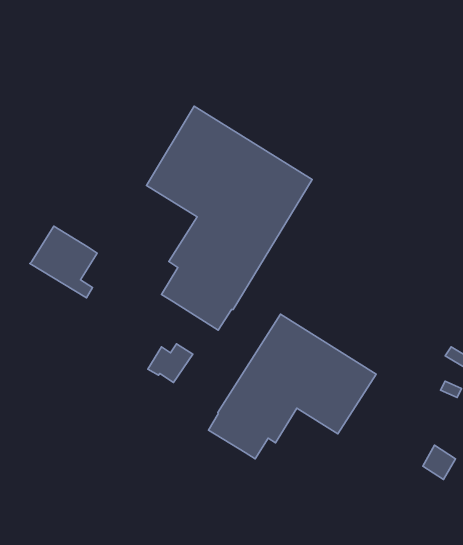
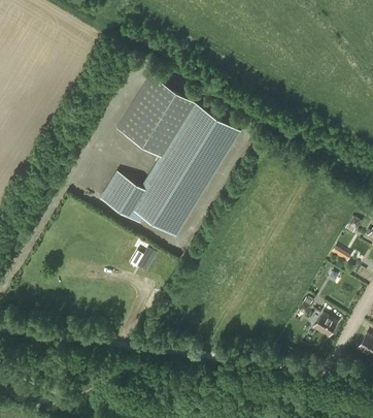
building: [30,226,97,298] -> [100,172,146,222]
building: [209,314,376,459] -> none

